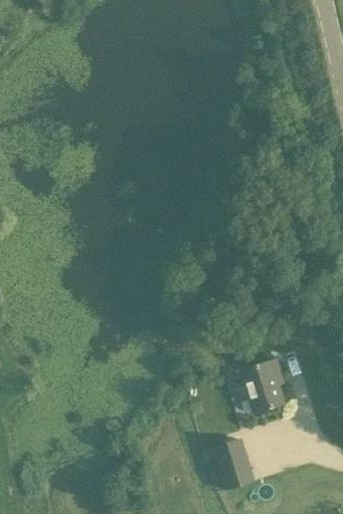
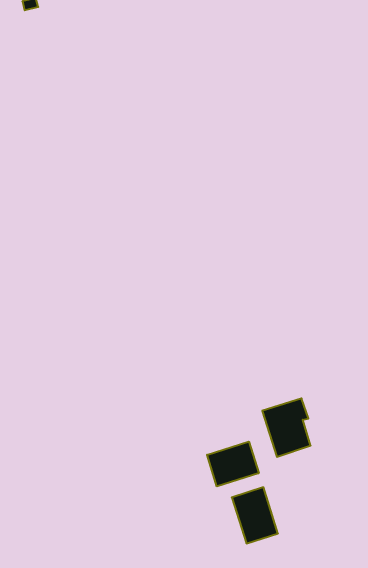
building: none -> [207,442,259,486]

